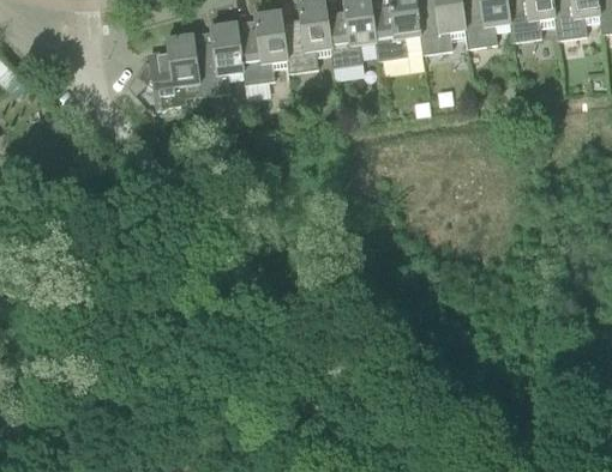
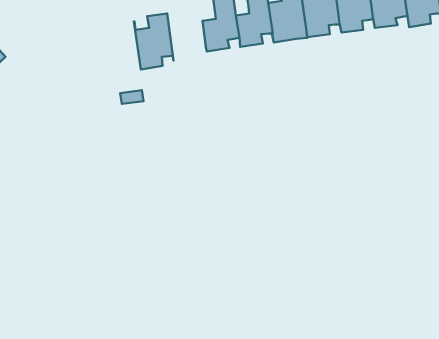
building: [236,10,288,84] -> none
building: [136,32,202,105] -> none

